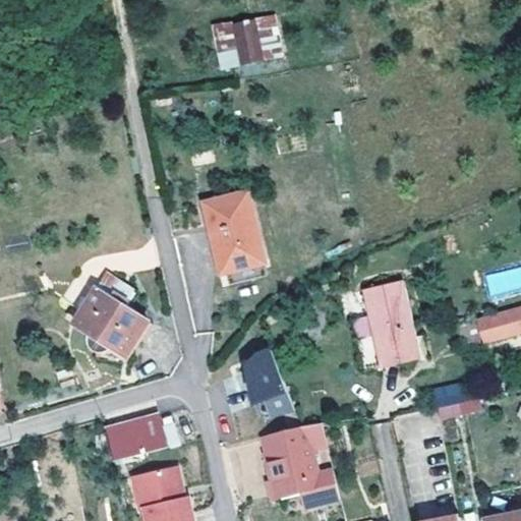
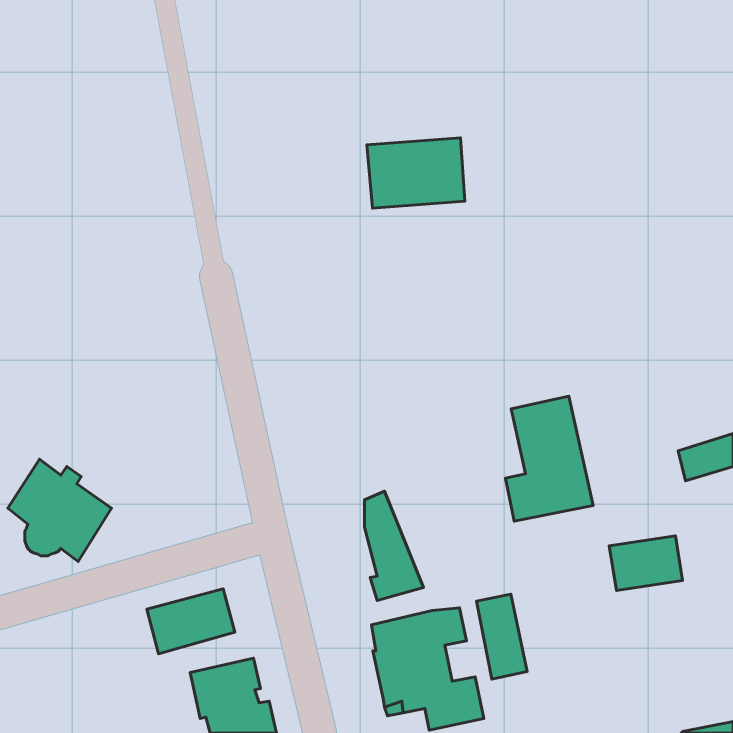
building: [211,14,280,64] -> [367,138,465,208]
building: [201,191,260,270] -> none
building: [74,283,148,355] -> [8,459,111,561]
building: none -> [477,594,527,679]

